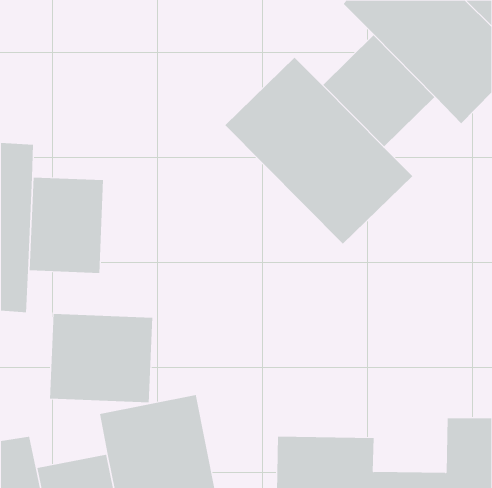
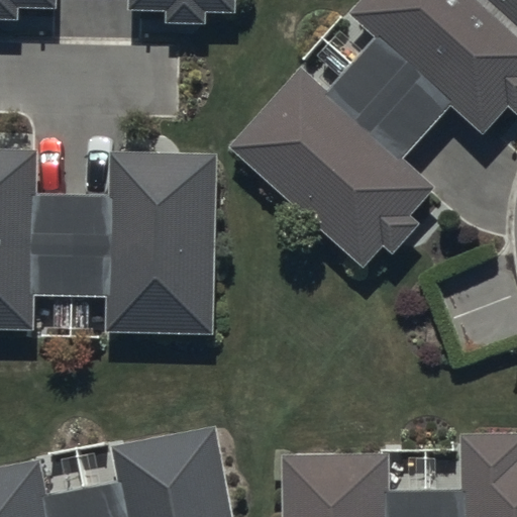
building: none -> [104,150,215,329]
building: [50,313,153,403] -> none

